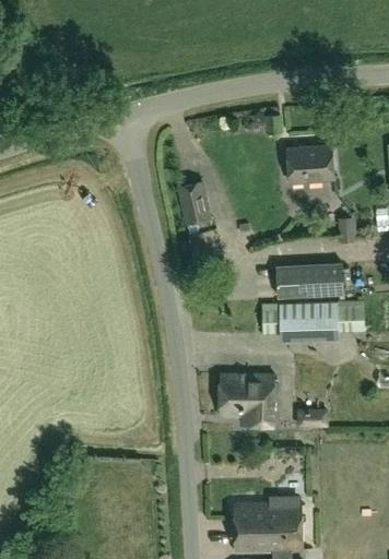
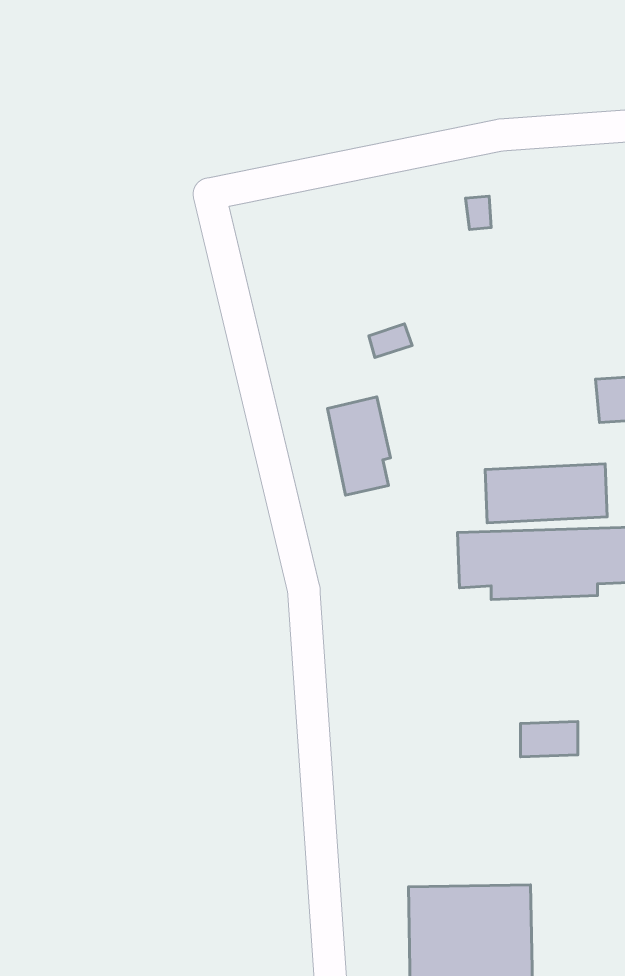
building: [286,145,334,183] -> none
building: [178,183,210,227] -> none
building: [217,374,272,426] -> none

